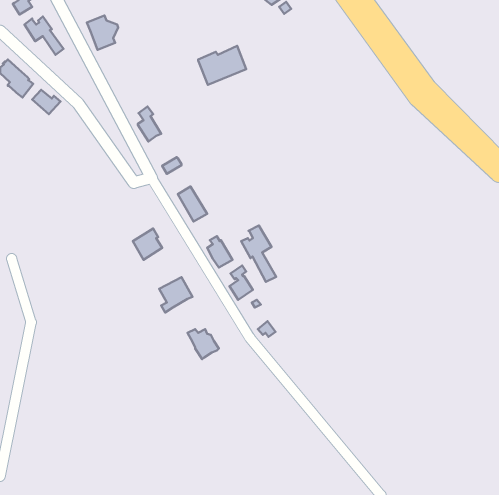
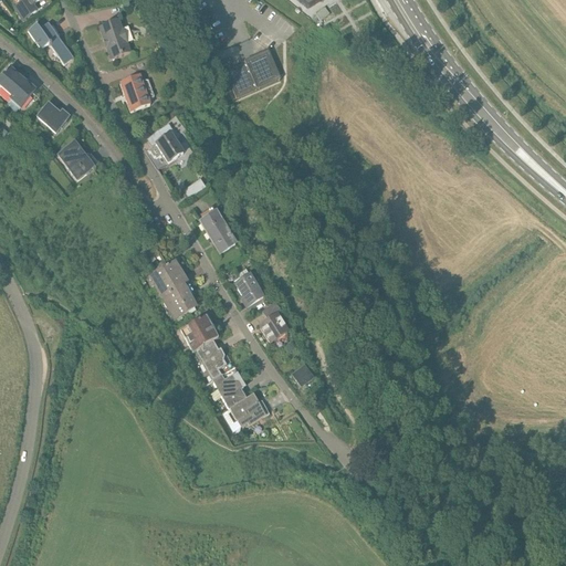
building: none -> [119,74,154,109]
building: none -> [56,139,97,177]
building: [241,226,276,282] -> none
building: none -> [163,281,195,316]
building: none -> [196,338,227,377]
building: none -> [231,392,269,423]

